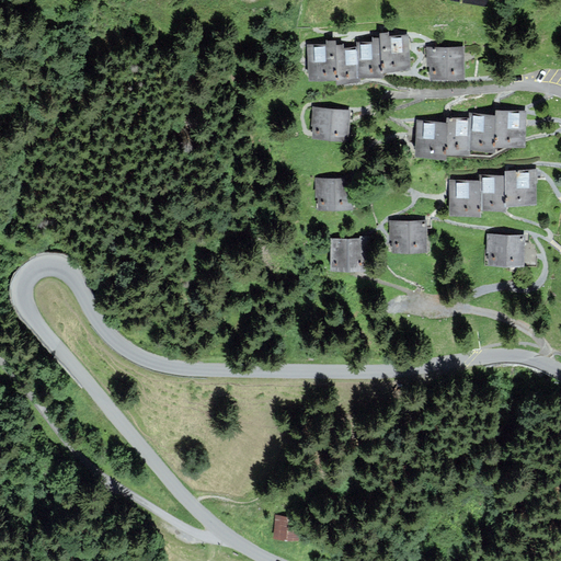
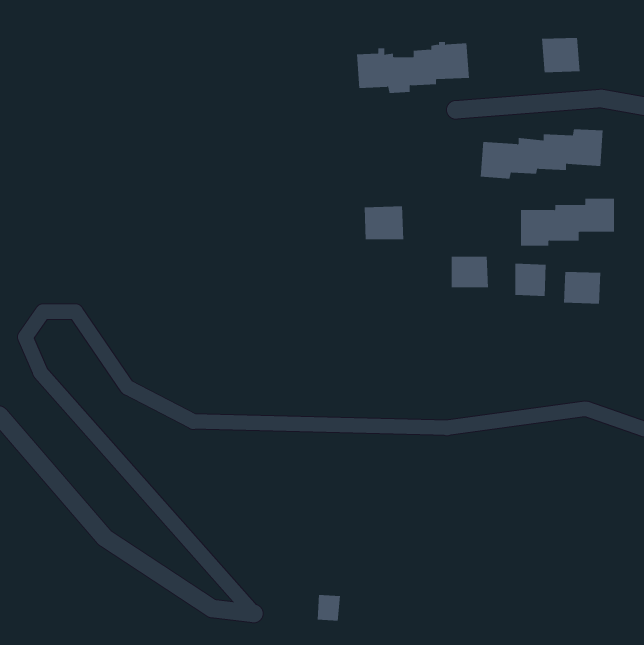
building: [427,48,461,79] -> [541,37,580,73]
building: [313,108,347,139] -> none
building: none -> [515,263,546,297]
building: [332,238,366,268] -> none

